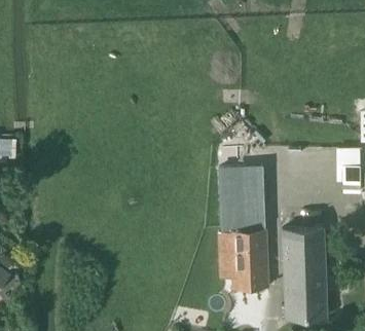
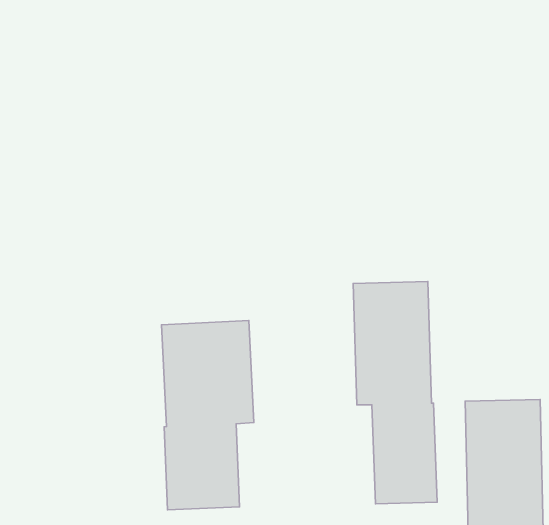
building: none -> [162,321,254,510]

